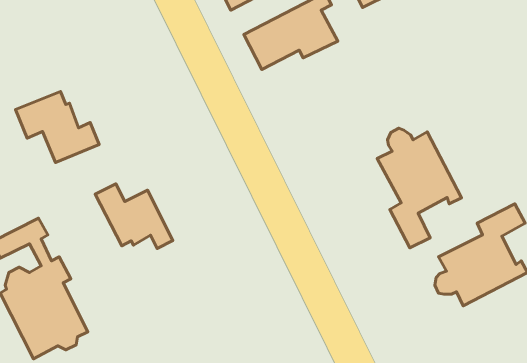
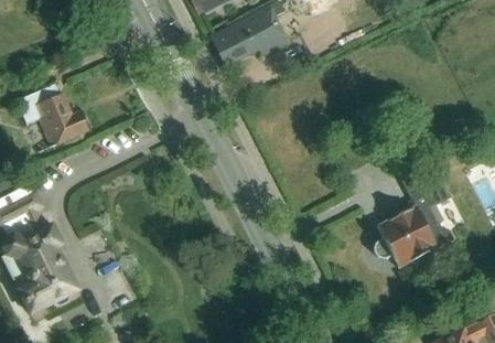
building: [377,128,461,248] -> none
building: [95,184,173,249] -> none

